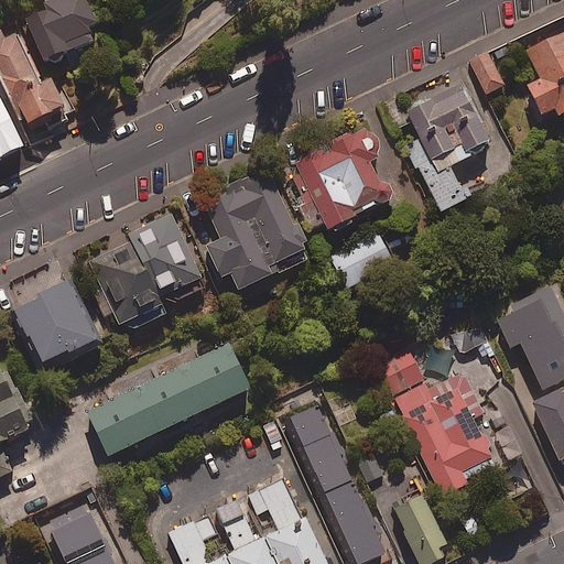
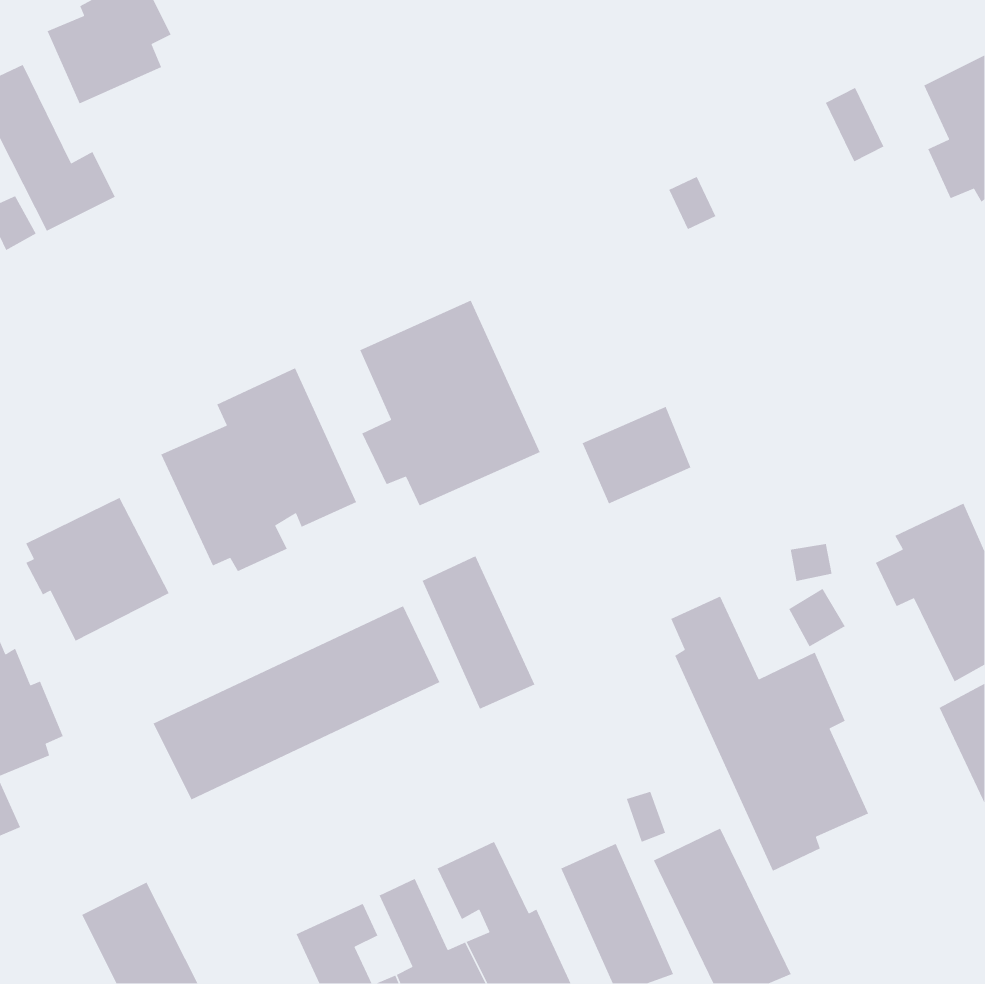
building: [402,70,491,212] -> none
building: [284,126,389,230] -> none
building: [286,406,351,495] -> [422,555,536,710]

